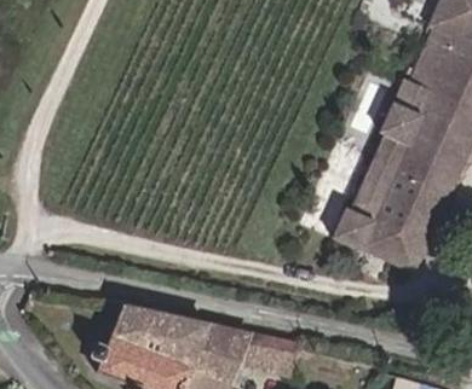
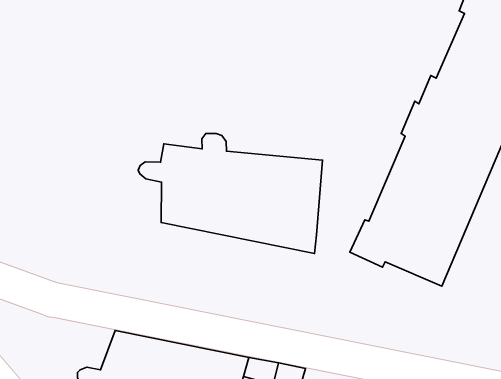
building: none -> [138,133,322,253]

